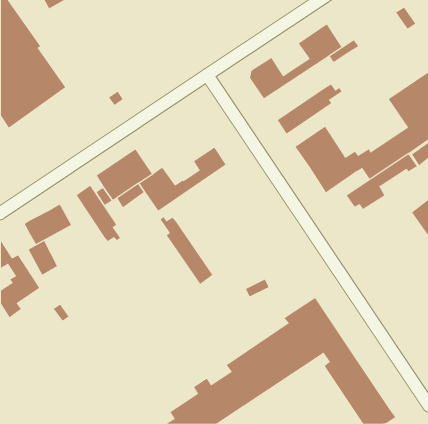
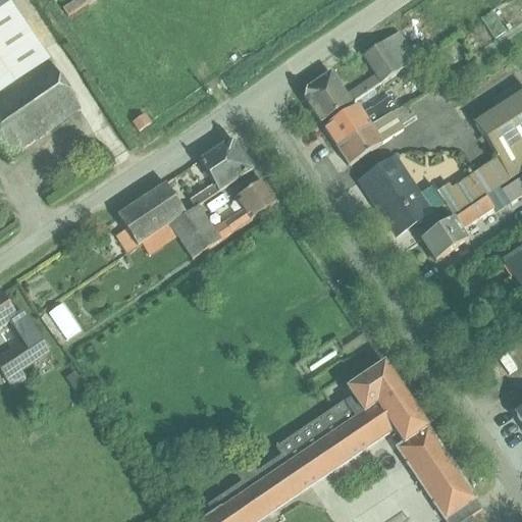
building: none -> [323,94,398,146]
building: none -> [190,138,253,205]
building: [76,185,121,242] -> none
building: [24,204,72,245] -> none
building: [160,216,213,285] -> none

